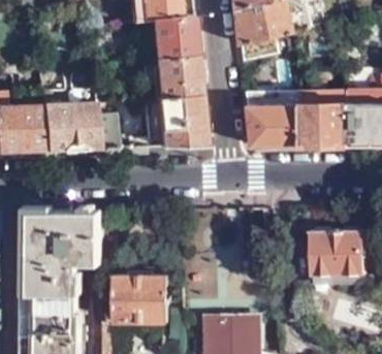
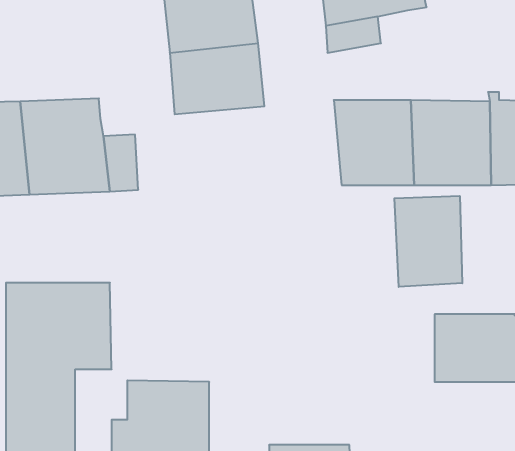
building: [141,96,204,150] -> none
building: none -> [394,196,462,287]

